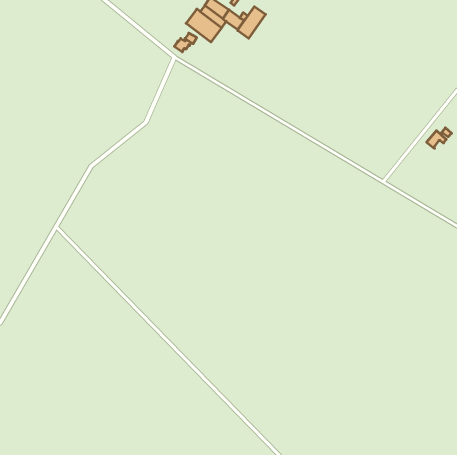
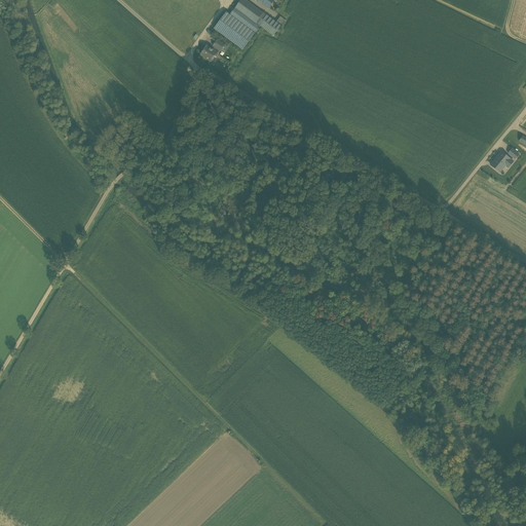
building: [238,7,266,38] -> none

